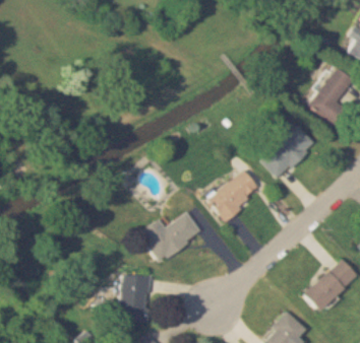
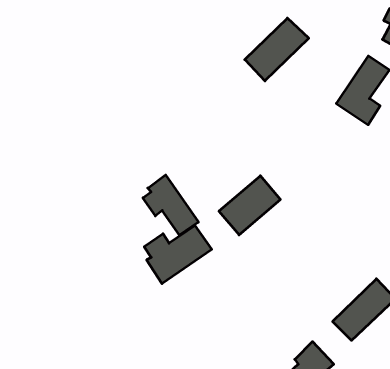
building: [259,126,314,180] -> [245,18,309,81]
building: none -> [143,175,198,235]
building: [119,275,147,321] -> none

